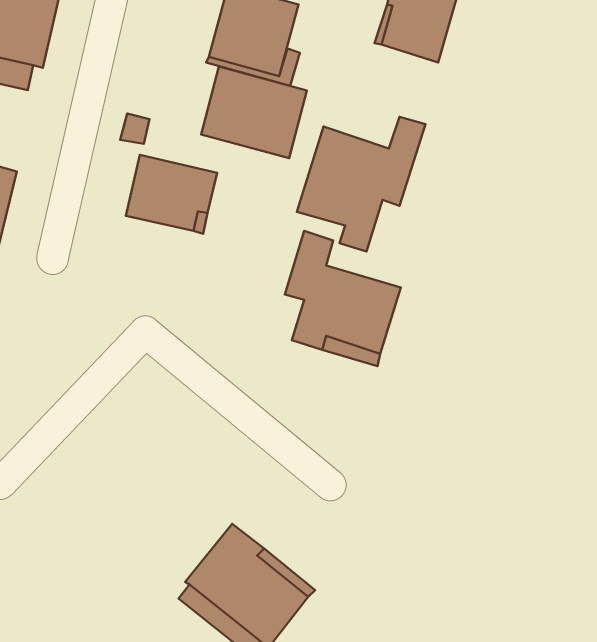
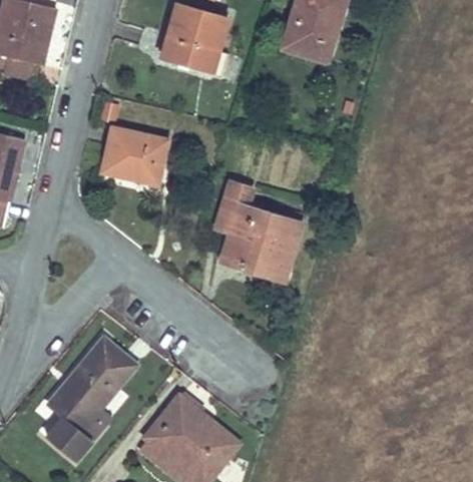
building: [201,67,307,158] -> none
building: [297,117,425,252] -> none
building: none -> [47,338,136,460]

